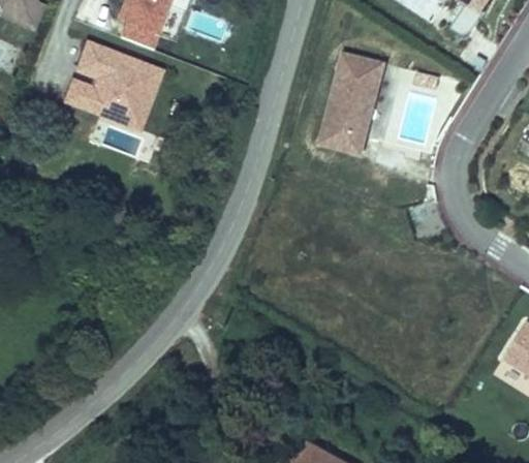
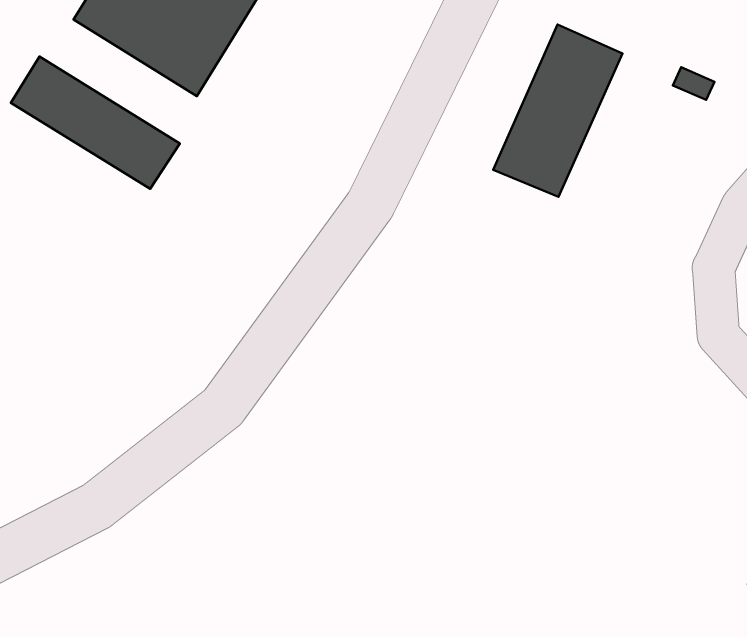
building: none -> [11,56,180,189]

